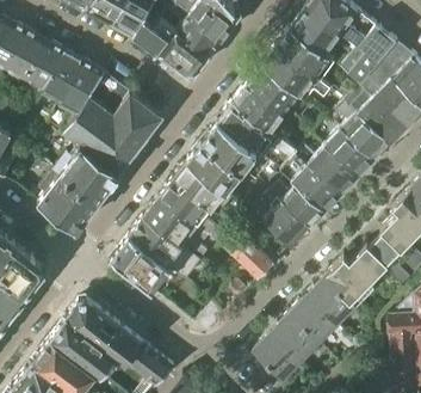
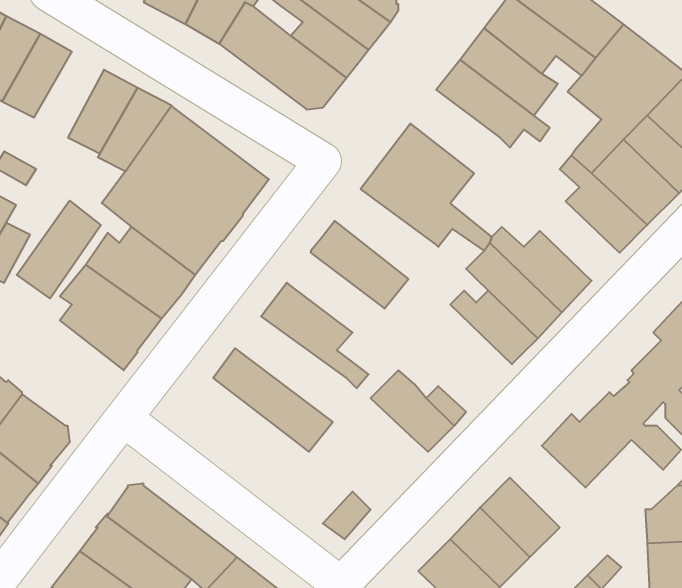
building: [21,39,63,91] -> none
building: [247,62,301,112] -> none
building: [202,122,262,176] -> none
building: none -> [17,201,101,298]
building: [324,129,372,177] -> none
building: [173,160,234,214] -> none
building: [252,191,308,247] -> none
building: [142,198,209,262] -> none
building: [111,235,175,293] -> none
building: [307,276,355,325] -> none

